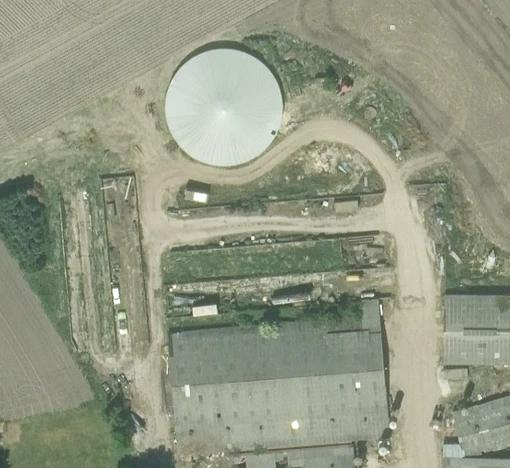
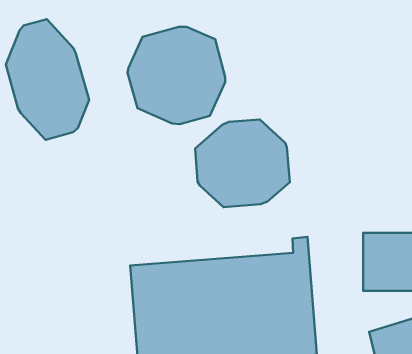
building: none -> [6,19,89,140]
building: none -> [195,119,290,207]

